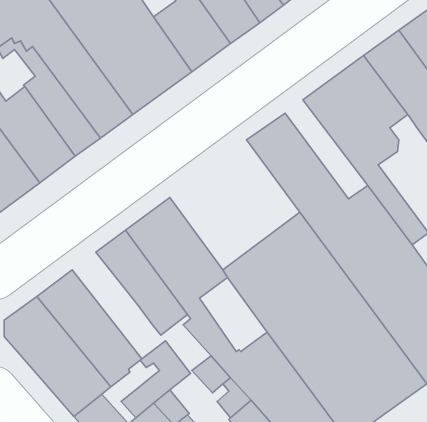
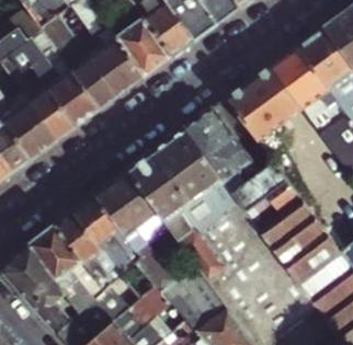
building: none -> [126,127,223,223]
building: none -> [54,210,123,289]

